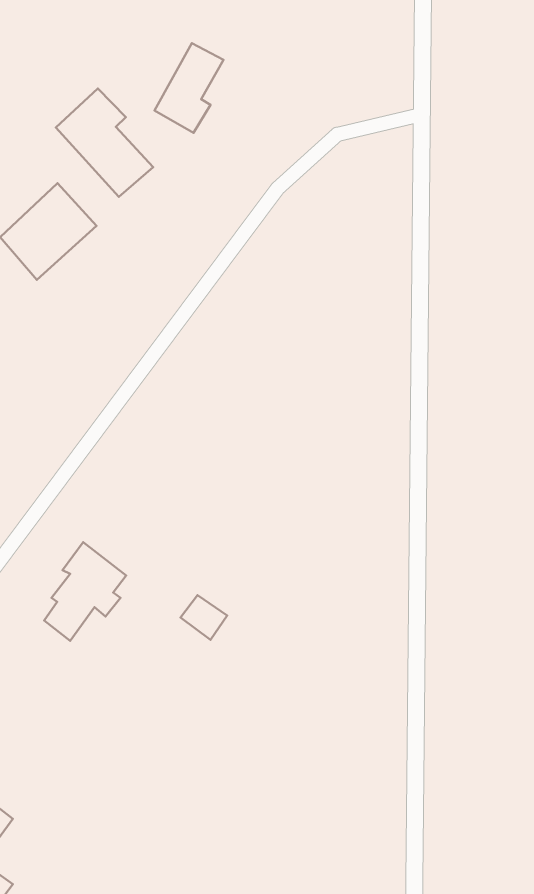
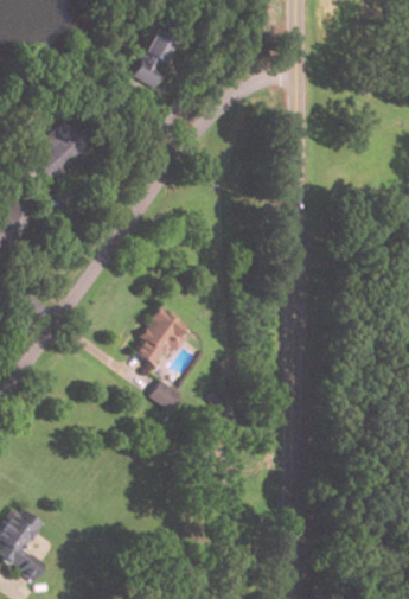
building: [56,89,153,197] -> none
building: [44,542,126,641] -> [136,302,188,365]

